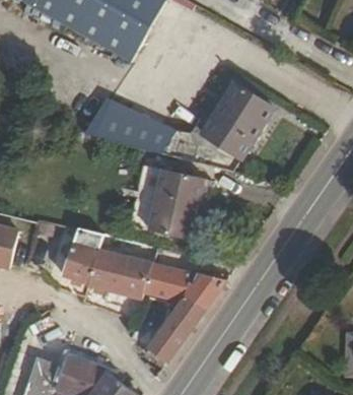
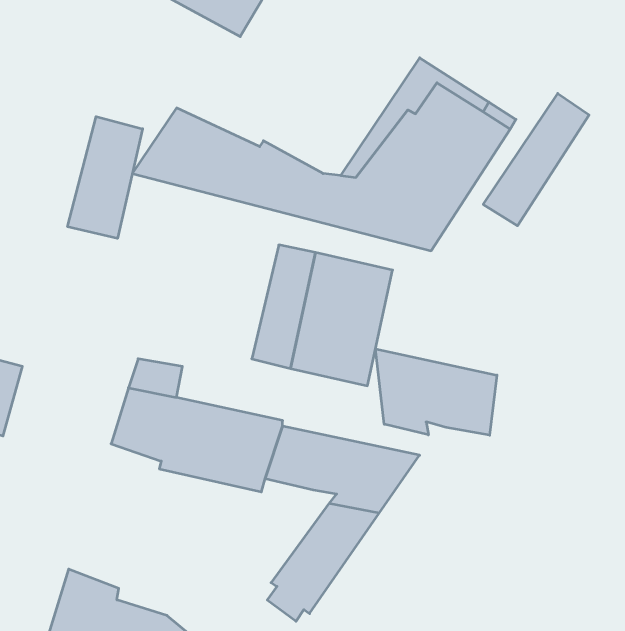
building: none -> [483,93,589,226]
building: none -> [68,117,143,238]
building: none -> [375,349,497,435]

